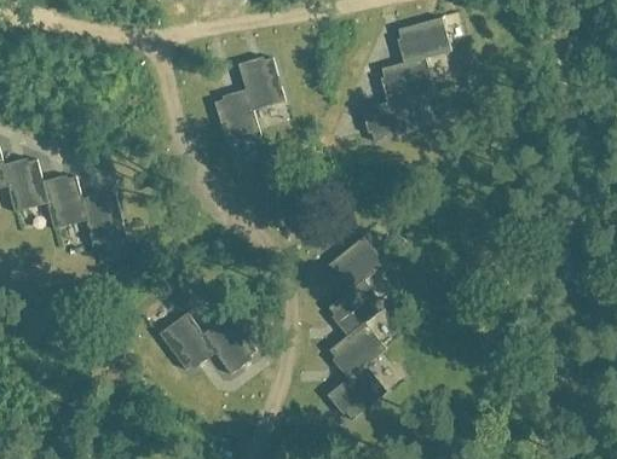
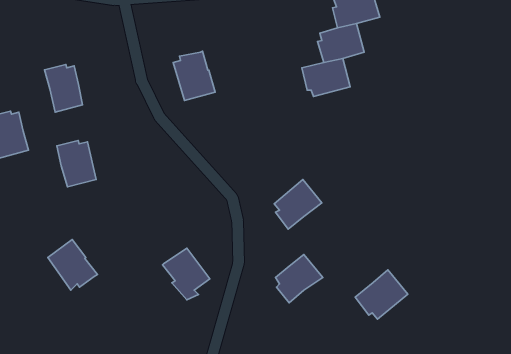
building: [237,56,286,110] -> none
building: [42,174,86,228] -> [45,65,83,112]
building: [329,278,386,335] -> none
building: [160,312,217,370] -> [48,240,97,290]
building: [327,362,387,419] -> [355,270,408,319]

